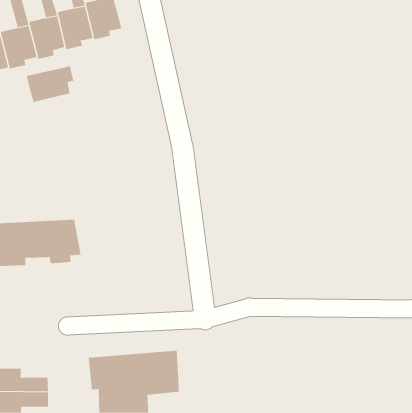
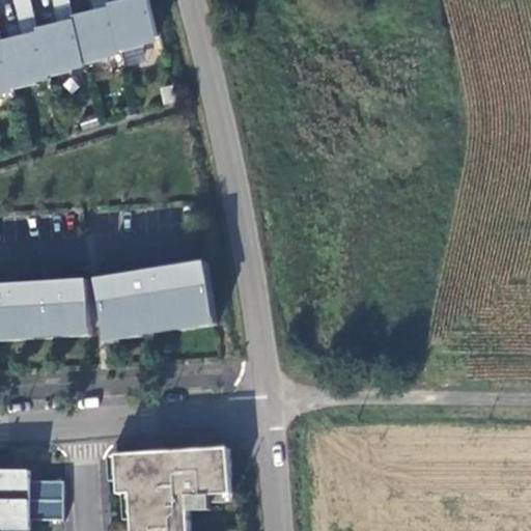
building: [26,65,74,103] -> none
building: none -> [95,259,215,341]

